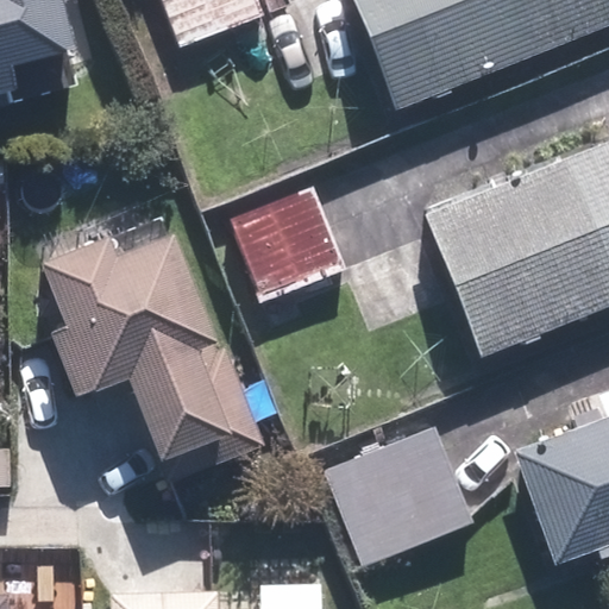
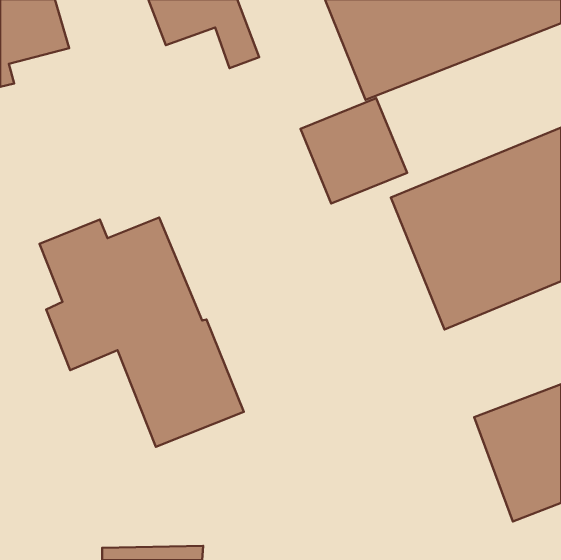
building: [231,186,346,300] -> [301,98,407,203]
building: [324,428,472,566] -> none

